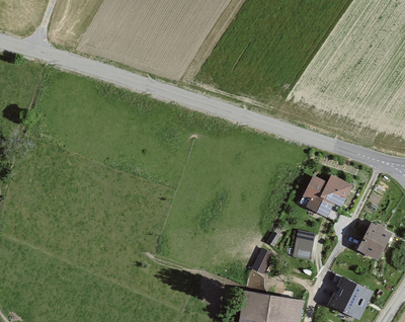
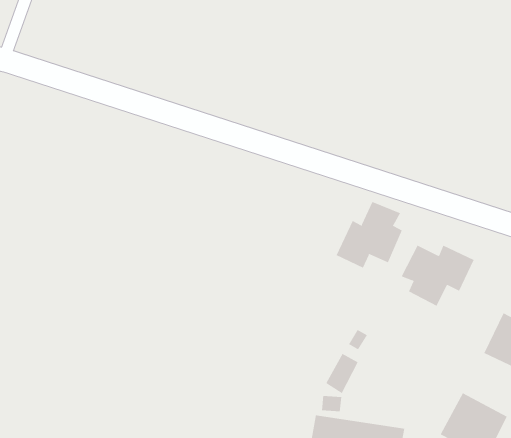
building: none -> [336,201,402,268]
building: [291,234,314,265] -> none

